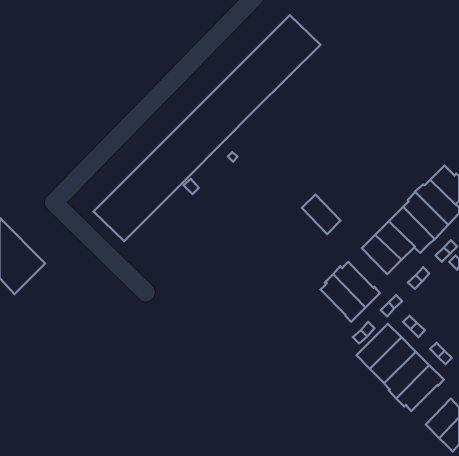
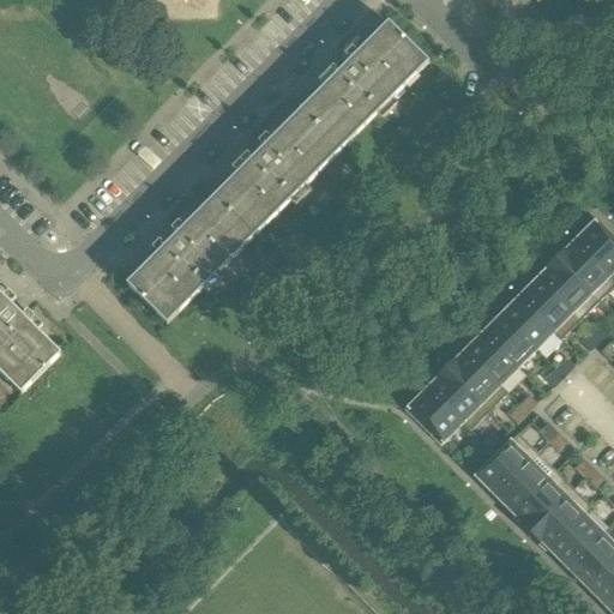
building: [302,194,341,234] -> [464,331,516,384]
building: none -> [408,386,460,439]
building: none -> [548,513,601,566]

